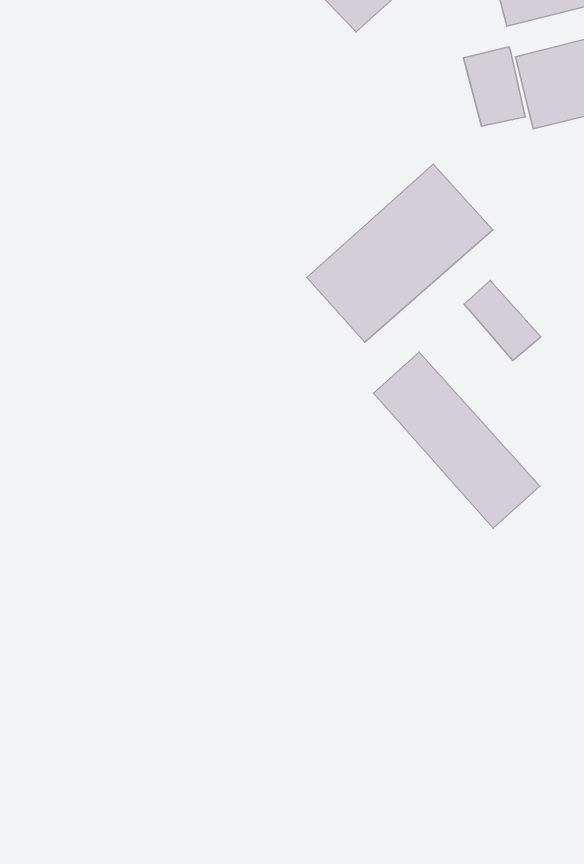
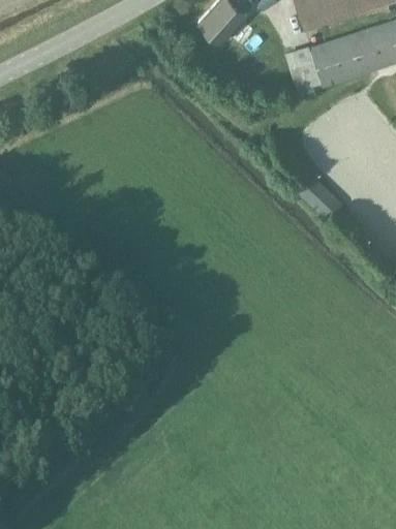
building: [307,164,493,342] -> none
building: [373,352,540,528] -> none

